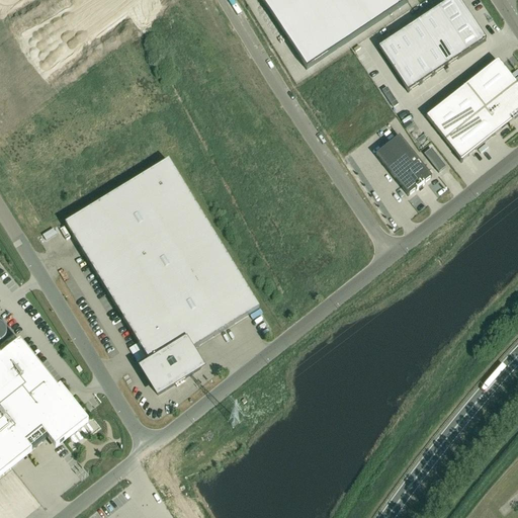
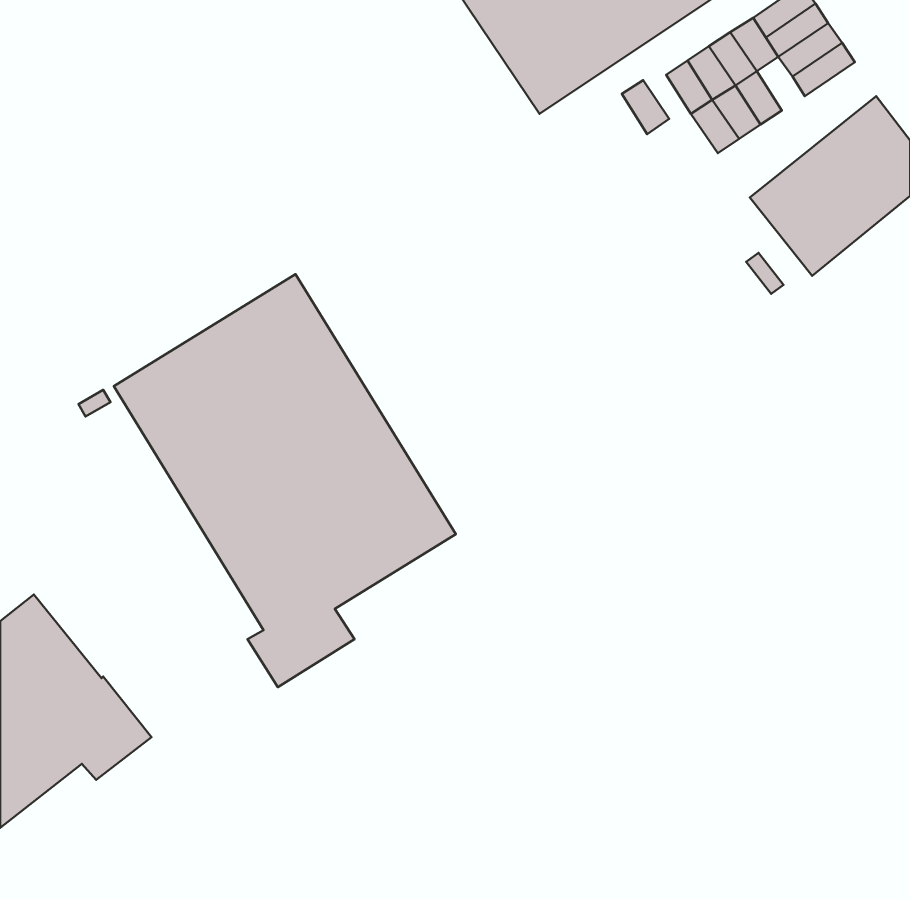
building: [430,32,457,63] -> none
building: none -> [622,80,669,134]
building: [375,132,431,190] -> none

